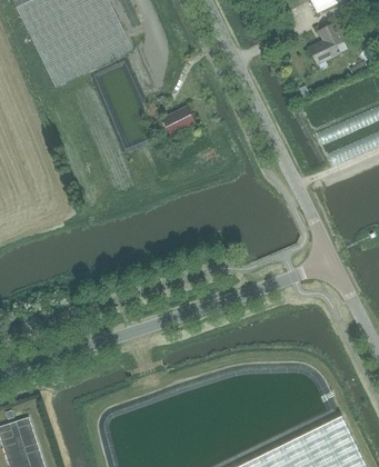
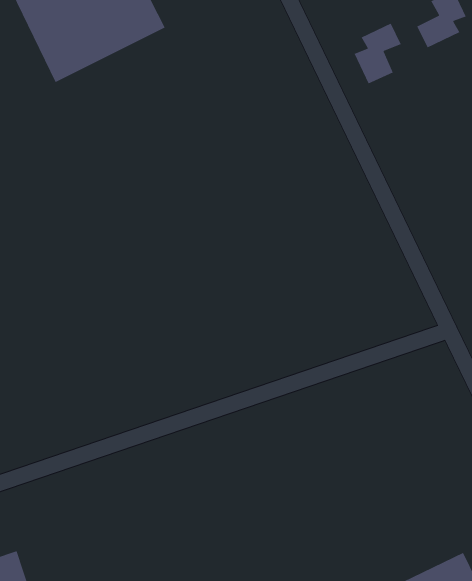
building: none -> [353,23,402,85]
building: [162,106,196,136] -> none

